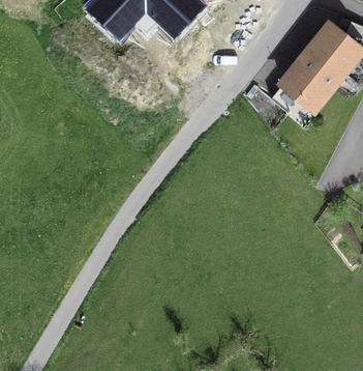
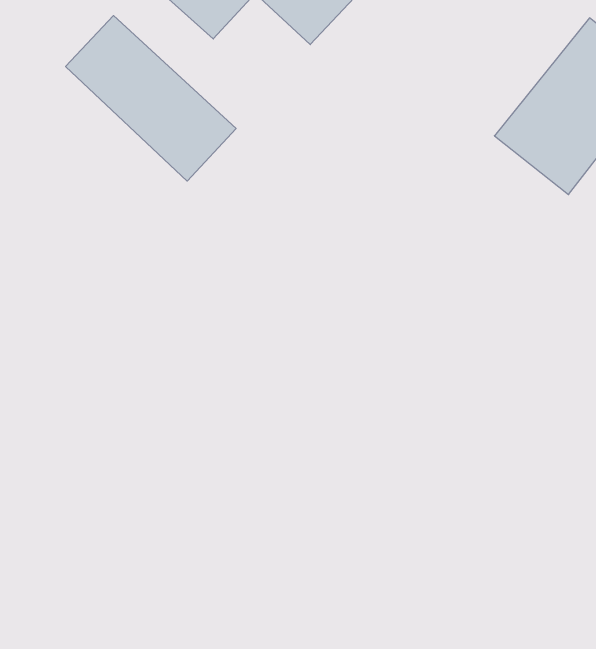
building: none -> [66,16,236,181]

